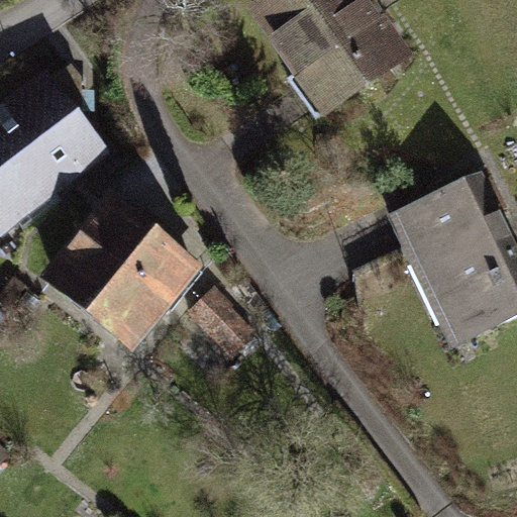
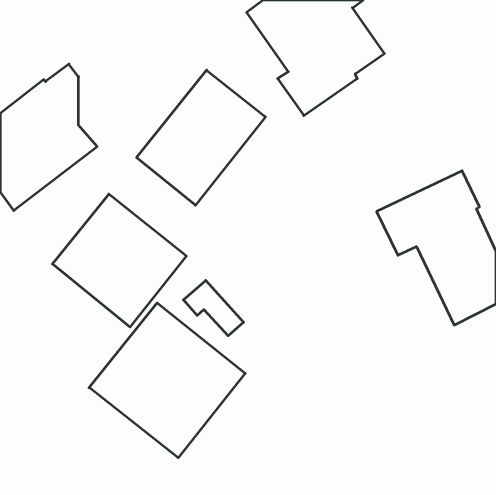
building: none -> [137,70,265,205]
building: none -> [89,303,245,458]

